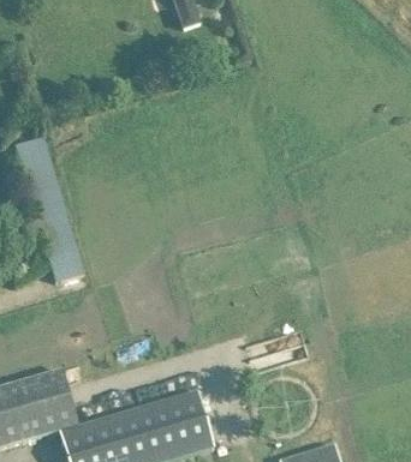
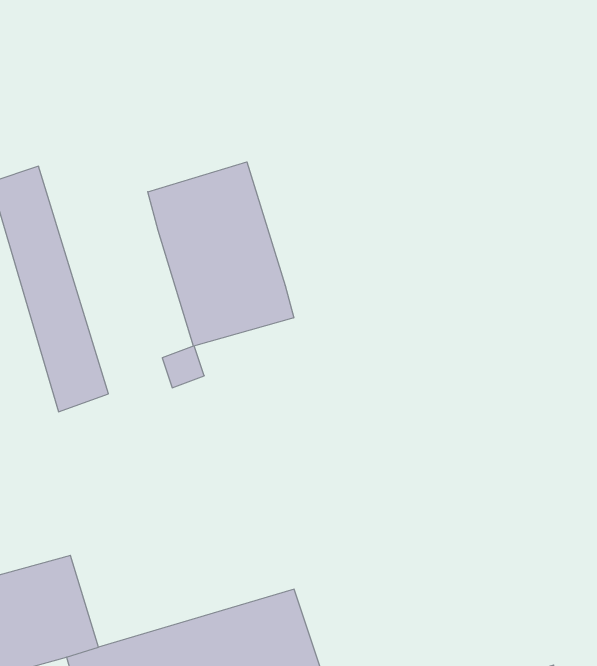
building: none -> [148,162,294,346]

